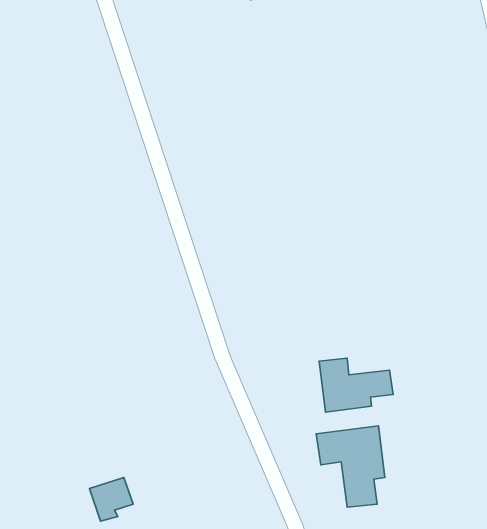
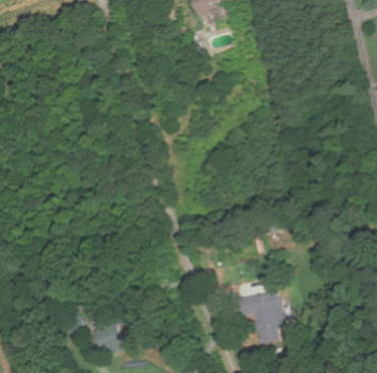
building: [319,358,393,412] -> none

